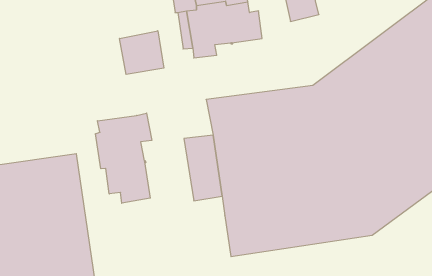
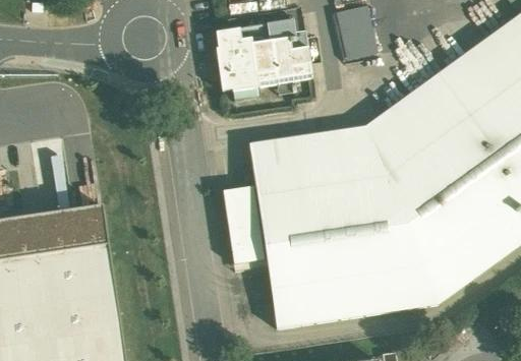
building: [120,31,164,74] -> none
building: [95,113,152,203] -> none

